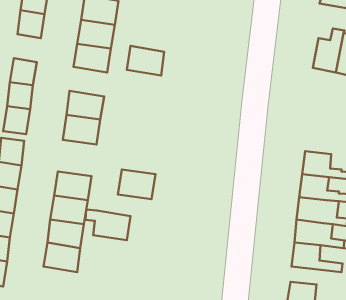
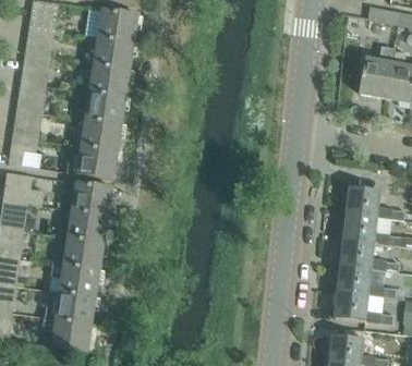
building: none -> [20,53,50,85]
building: [127,46,164,76] -> [83,90,125,124]
building: [118,169,155,199] -> [70,181,112,215]
building: [85,209,131,240] -> [40,316,92,351]

